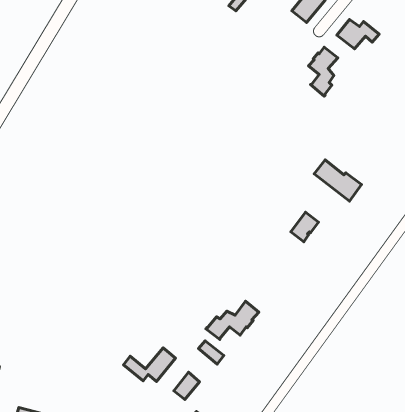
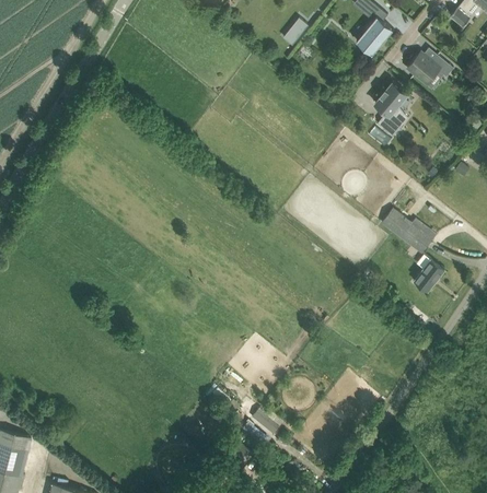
building: [291,212,318,242] -> [414,259,444,292]
building: [206,301,259,339] -> none
building: [124,348,175,382] -> none

